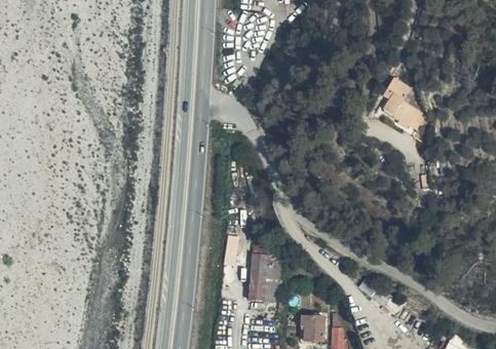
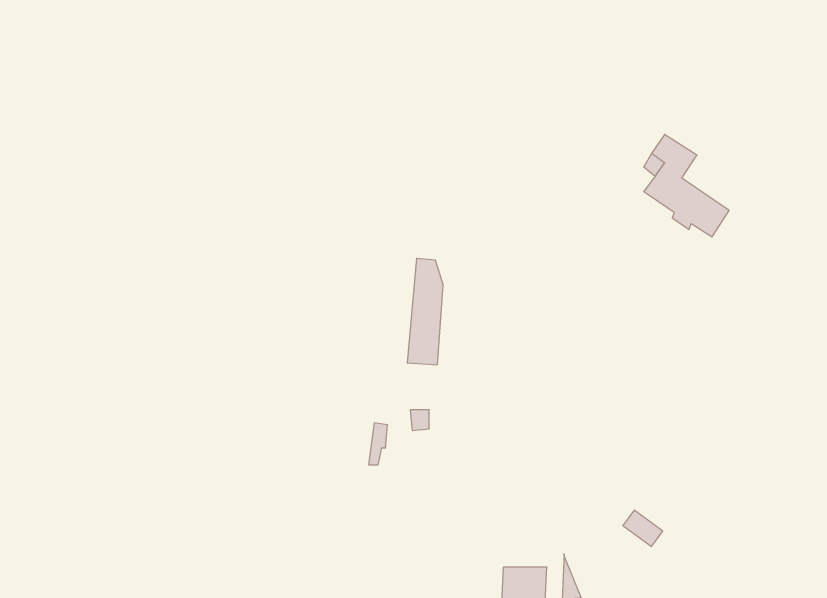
building: [251,242,270,300] -> [407,258,443,365]

